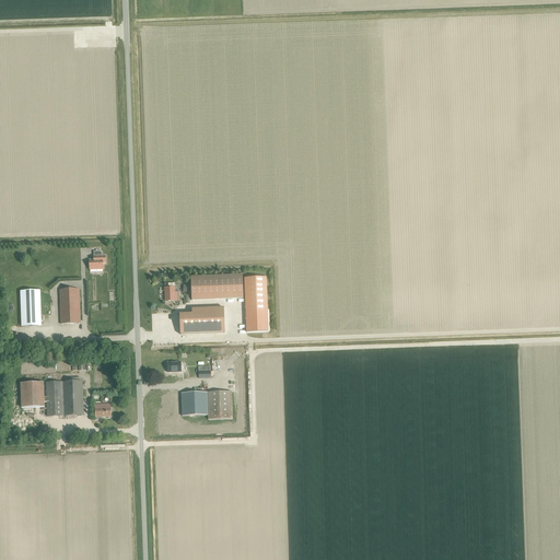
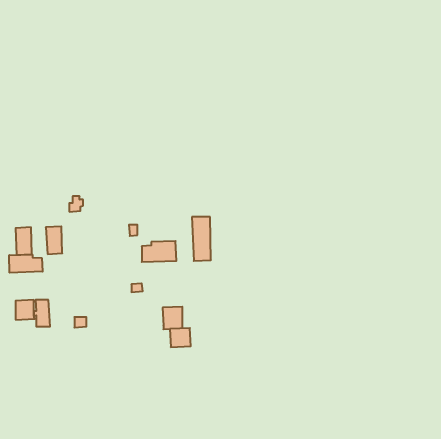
building: [189,276,242,301] -> none
building: none -> [9,255,43,273]
building: [61,378,82,413] -> none
building: [180,389,207,413] -> [170,328,191,347]

